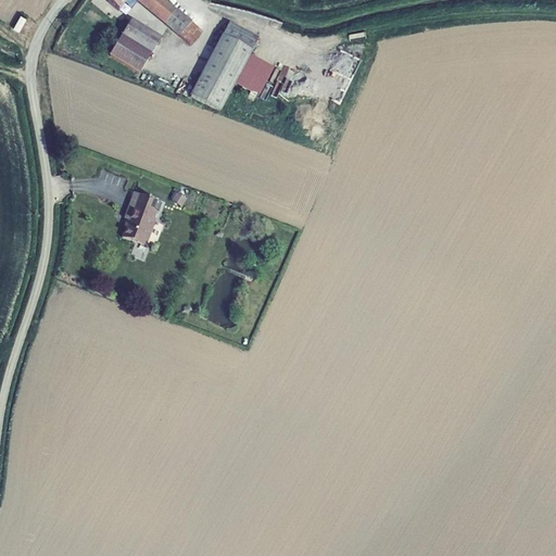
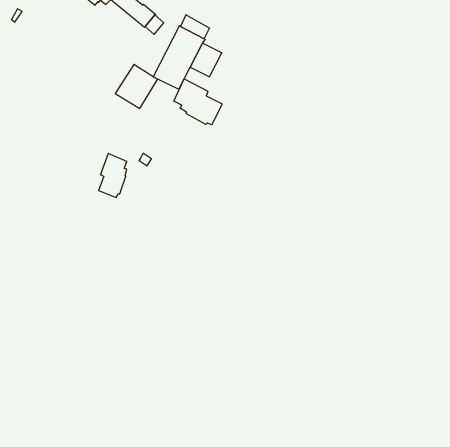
building: [109,16,161,71] -> [115,64,157,108]
building: none -> [174,79,222,125]

